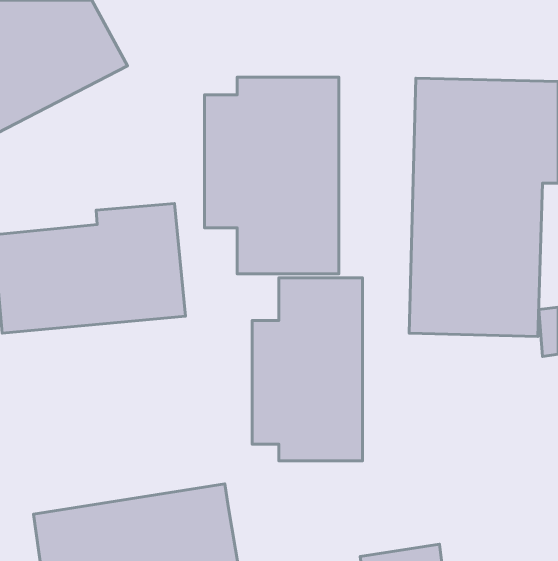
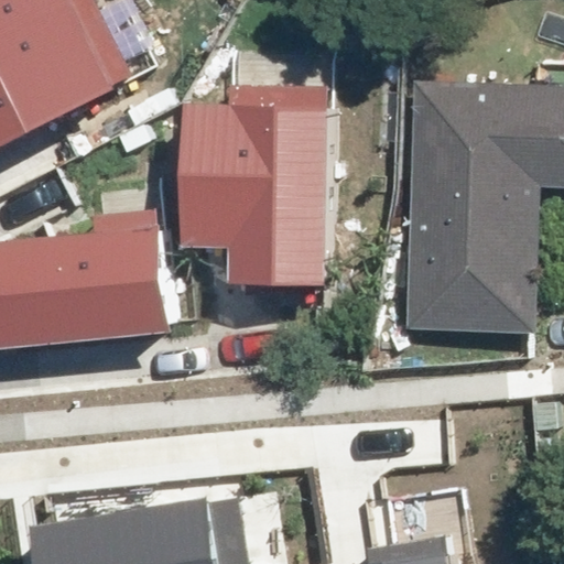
building: [252,278,363,461] -> none

